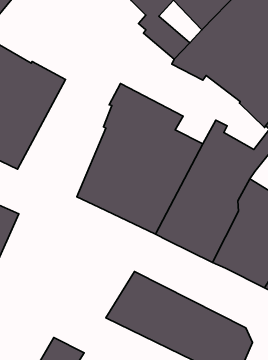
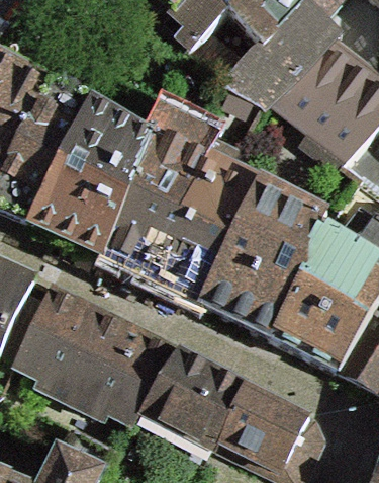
building: none -> [30,107,148,253]
building: none -> [16,284,176,416]

